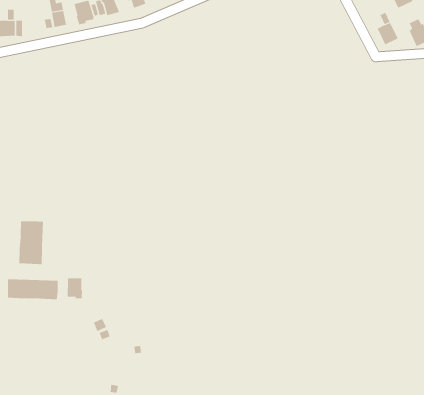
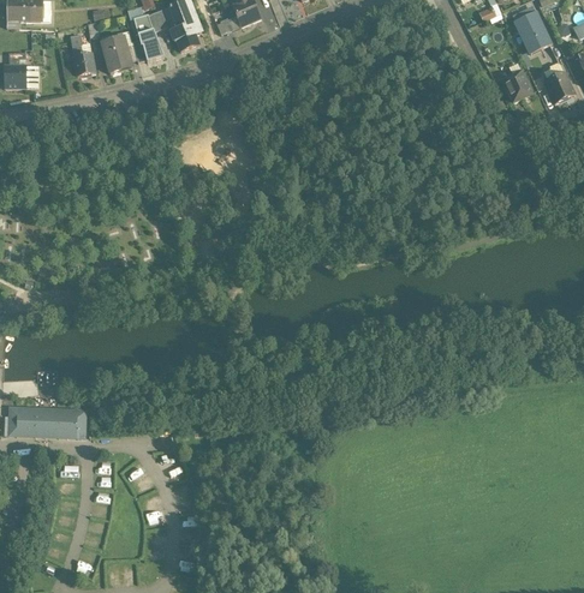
building: [19,220,44,265] -> none
building: [67,275,82,299] -> none

